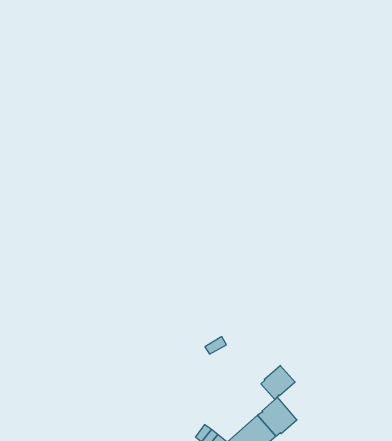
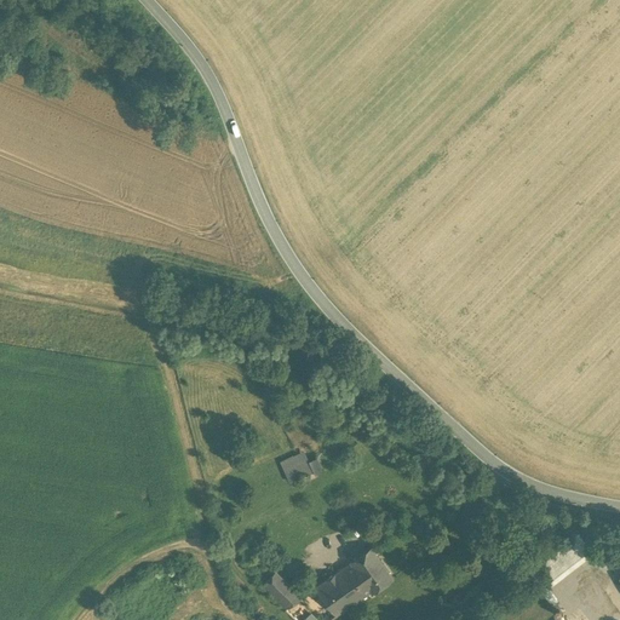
building: [261,365,295,400] -> none

